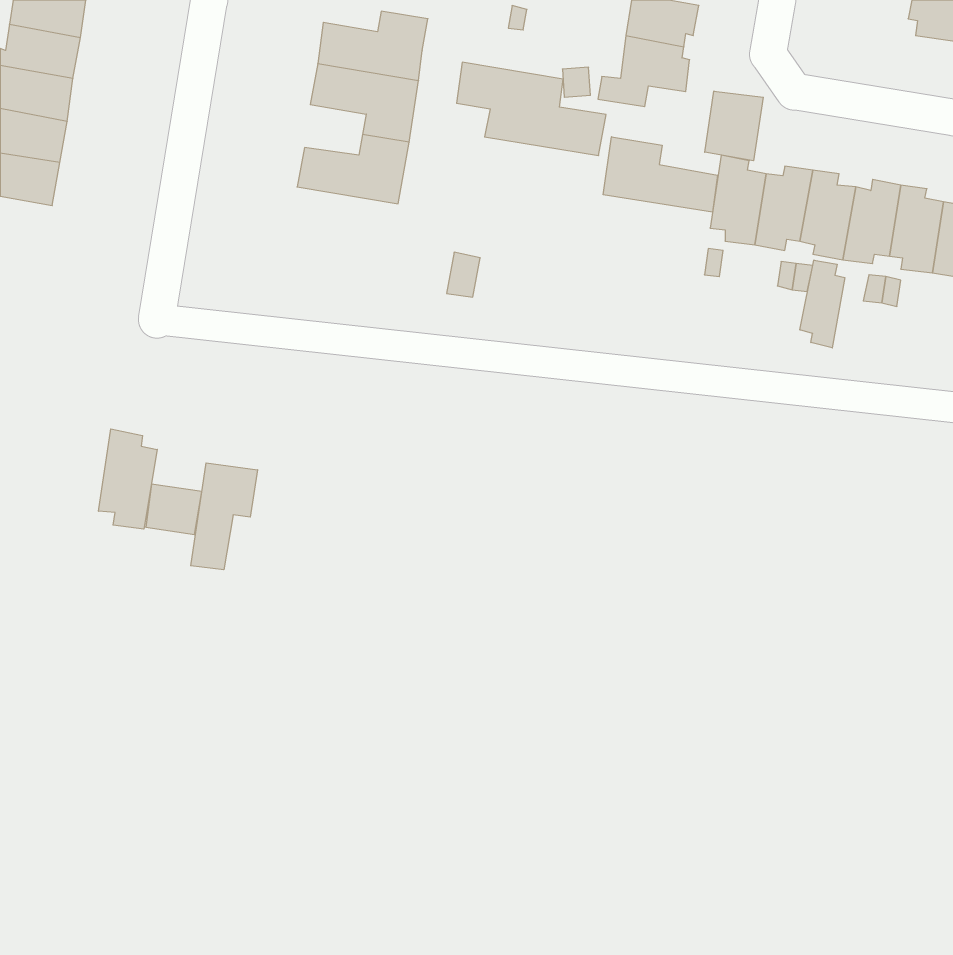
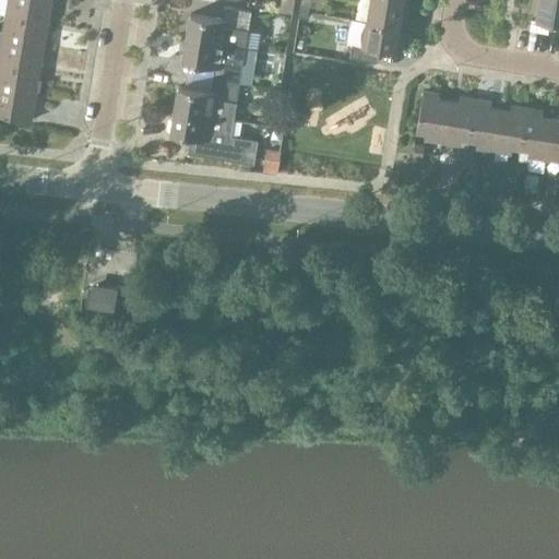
building: [457,62,606,156] -> [171,109,259,164]
building: [705,91,763,161] -> none
building: [603,137,717,212] -> none
building: [800,260,845,348] -> none
building: [99,429,157,529] -> none
building: [191,463,258,570] -> none

